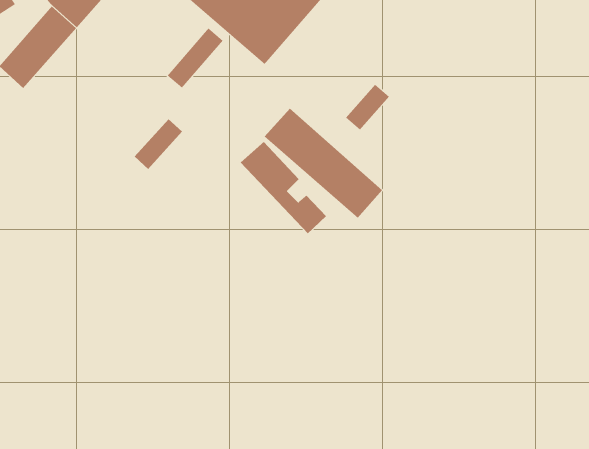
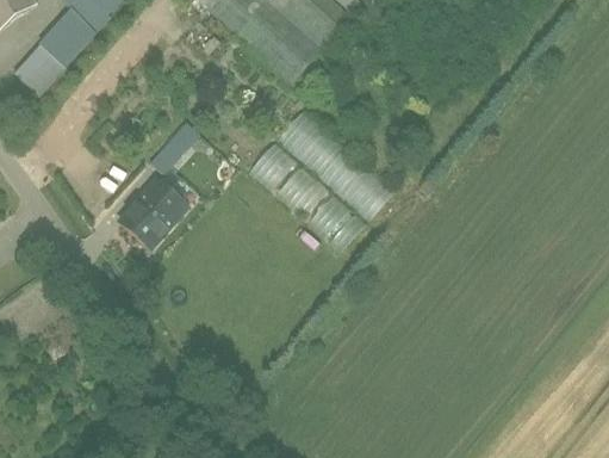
building: [167,28,224,89] -> none
building: [345,84,390,130] -> none
building: none -> [111,167,194,252]

